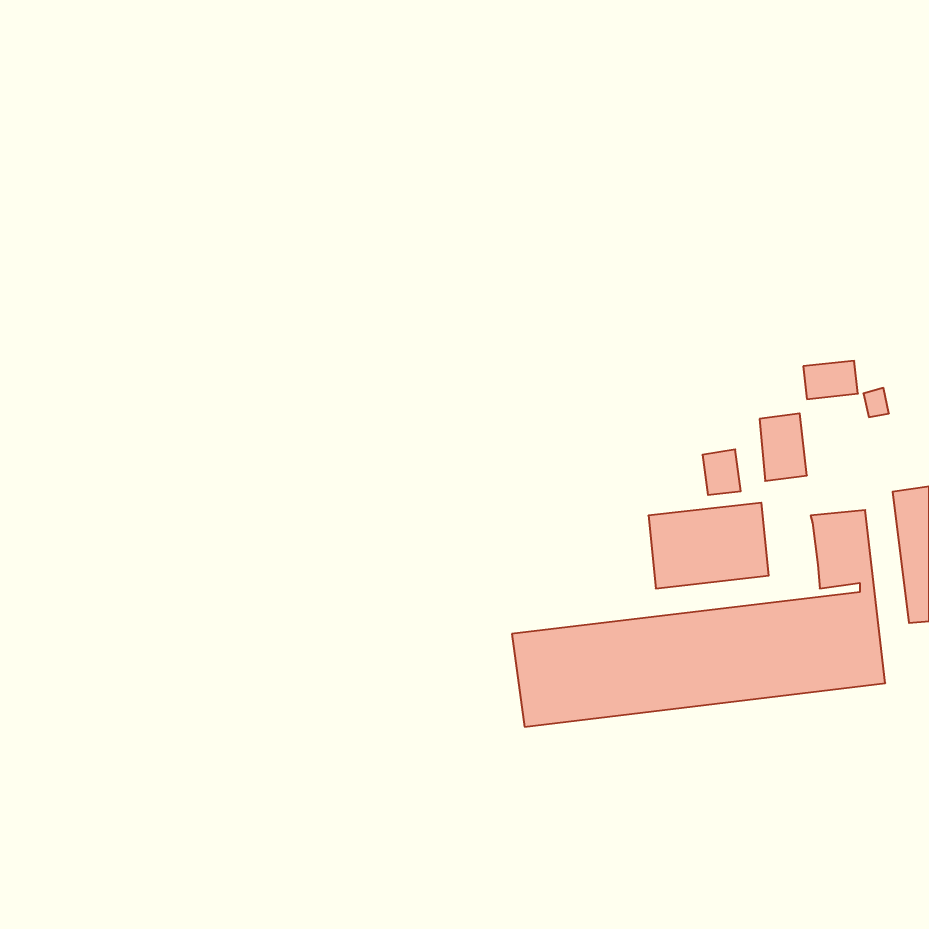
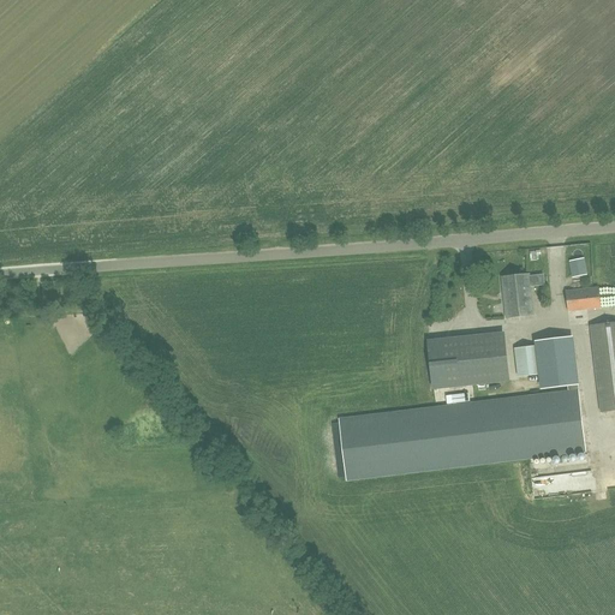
building: [803,361,858,399] -> [565,285,601,310]
building: [702,449,741,495] -> [514,345,539,375]

